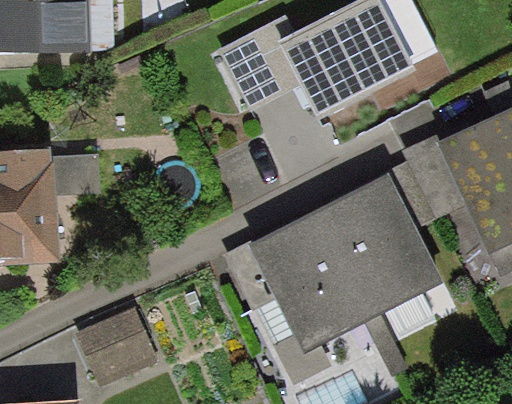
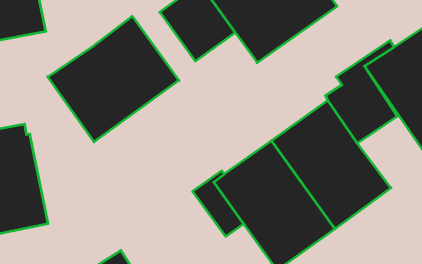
building: none -> [48,16,179,142]

